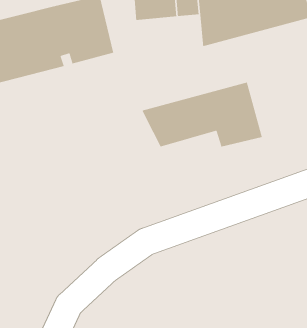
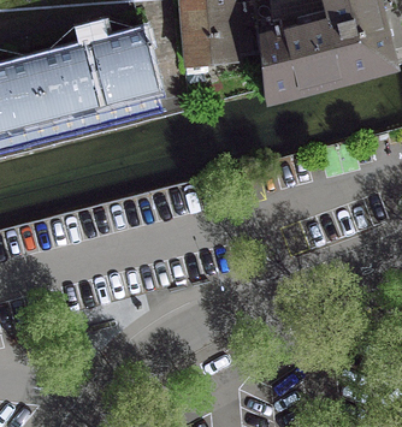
building: [141,81,263,148] -> none

